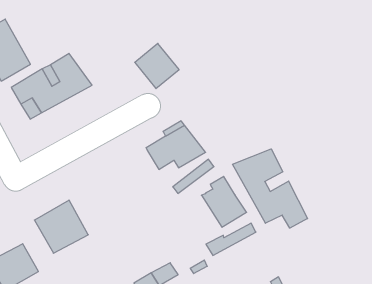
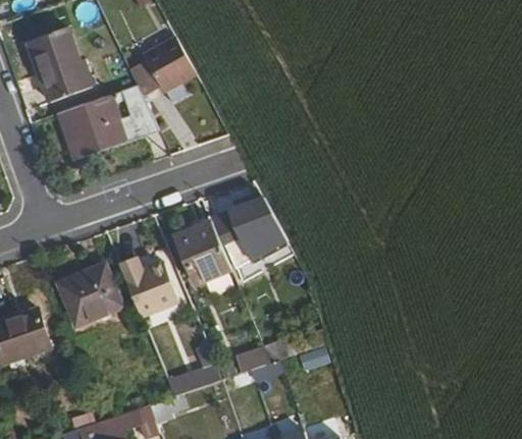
building: [135,43,179,89] -> [144,45,197,100]
building: [233,149,308,228] -> none
building: [201,176,247,227] -> [178,221,230,283]
building: none -> [118,257,178,316]

